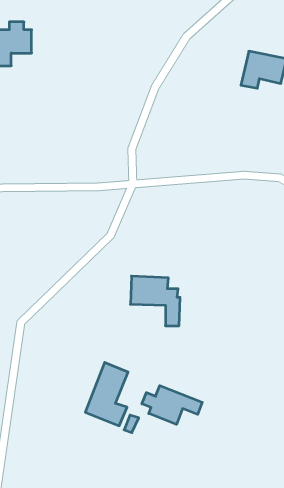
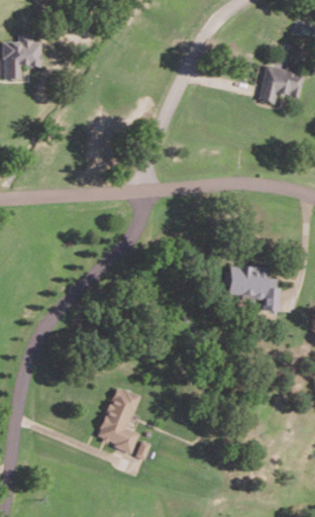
building: [130,276,180,326] -> [227,265,279,316]
building: [142,386,202,424] -> none

